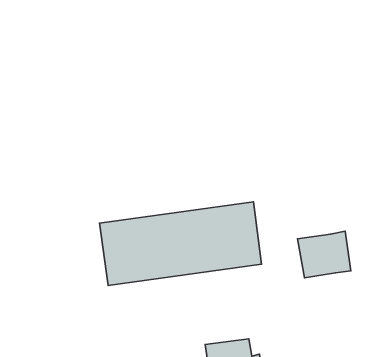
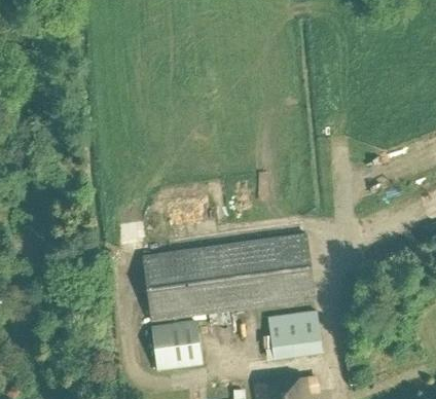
building: [298,231,351,278] -> [265,310,322,359]
building: none -> [151,324,204,368]

